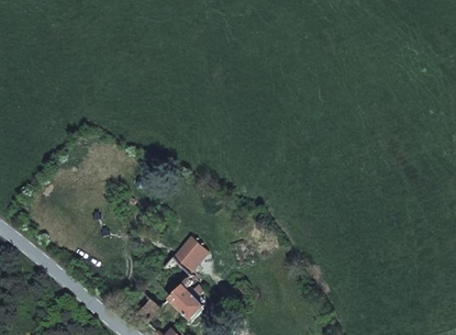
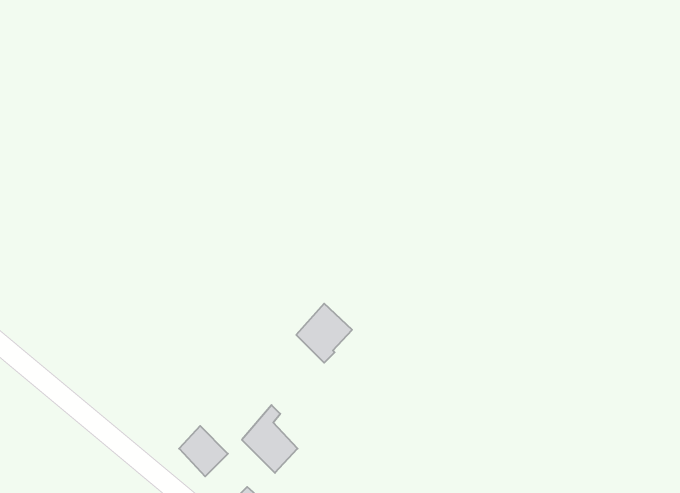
building: [174,236,209,273] -> [296,304,352,363]

